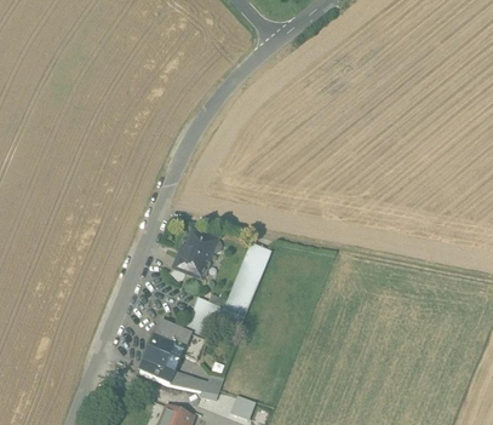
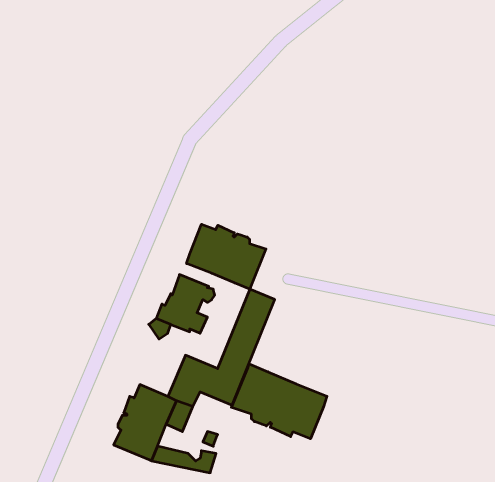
building: none -> [187,224,266,289]
building: none -> [231,364,327,439]

